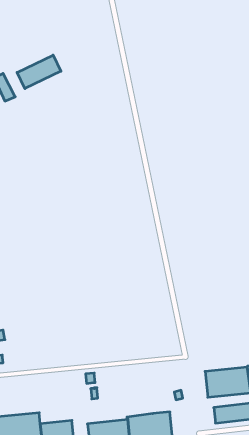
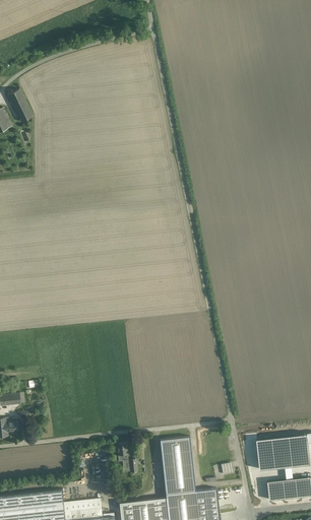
building: [17,55,61,89] -> none
building: none -> [159,437,195,495]

